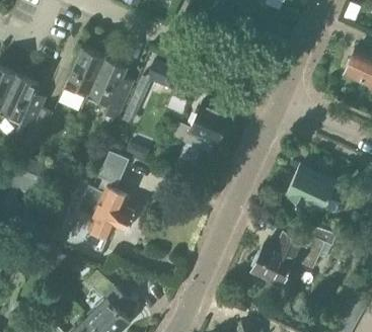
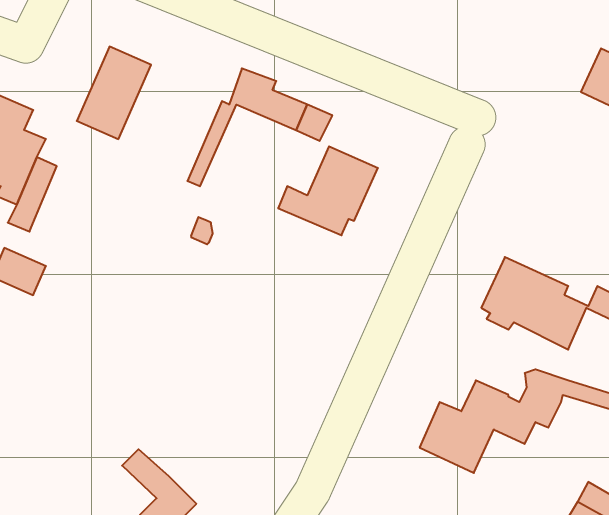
building: [85,58,133,119] -> none
building: [78,152,134,239] -> none

